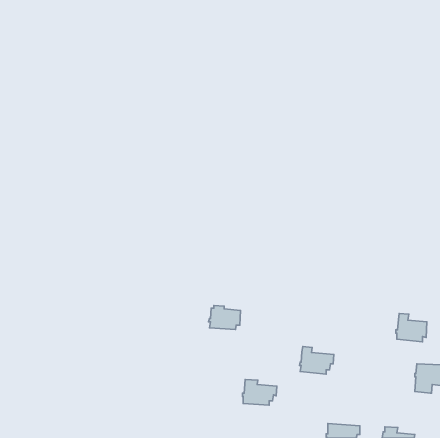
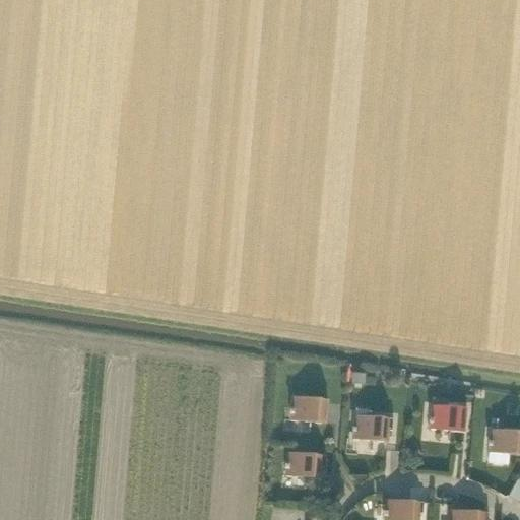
building: [209,305,241,330] -> [290,393,328,421]
building: [396,313,427,342] -> [431,397,467,431]

